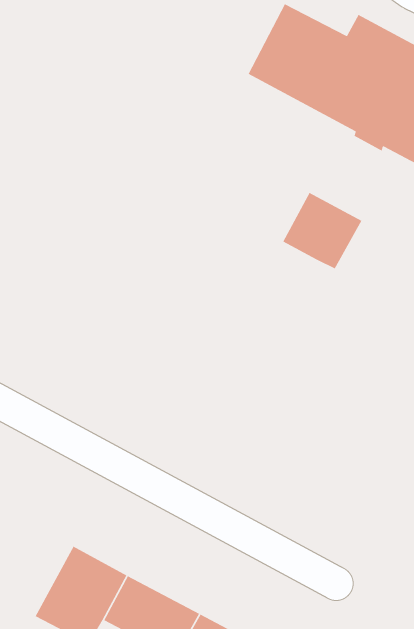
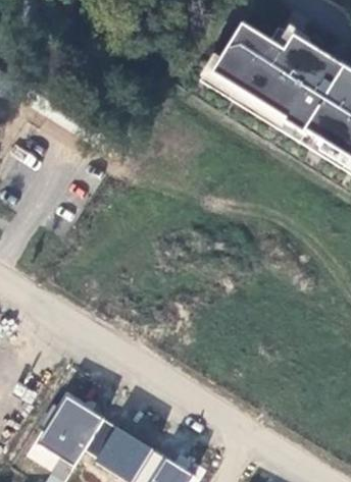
building: [282,192,363,270] -> none

